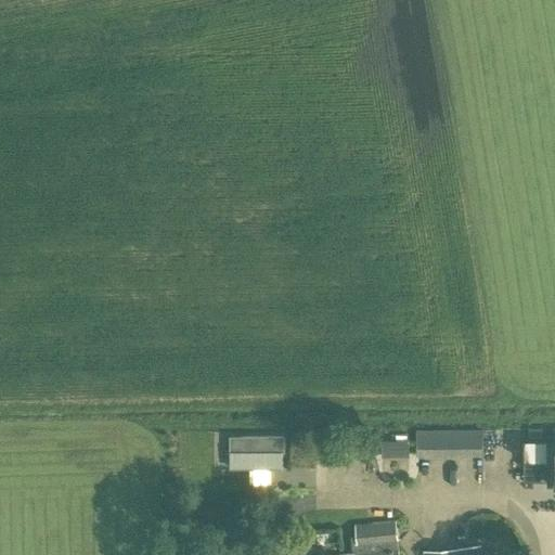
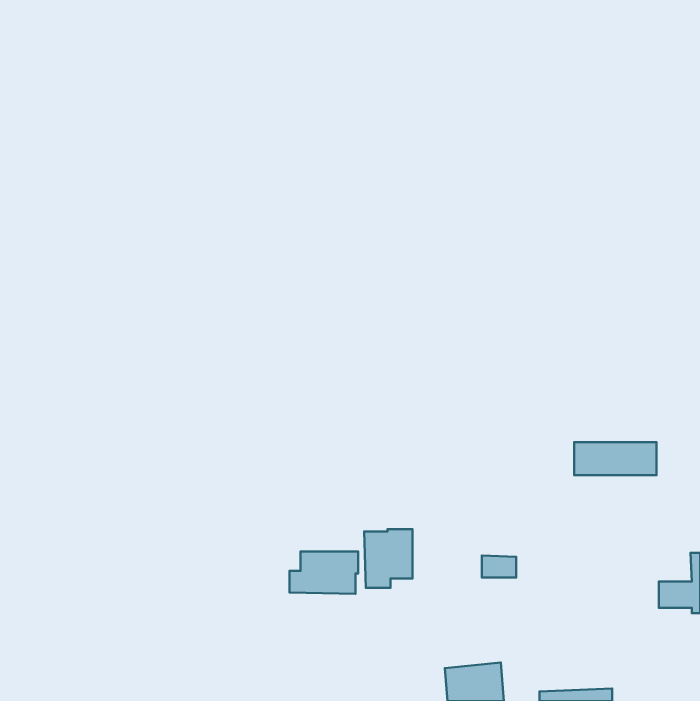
building: none -> [364,529,412,588]
building: [415,430,480,456] -> [574,442,656,475]

